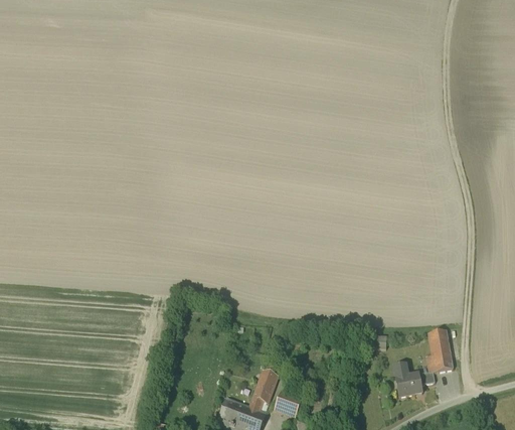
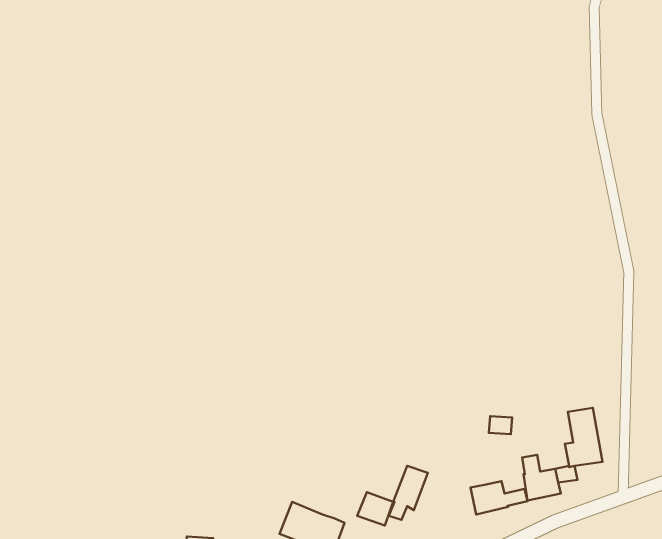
building: [249,371,278,410] -> [389,466,428,520]
building: none -> [471,481,528,515]

